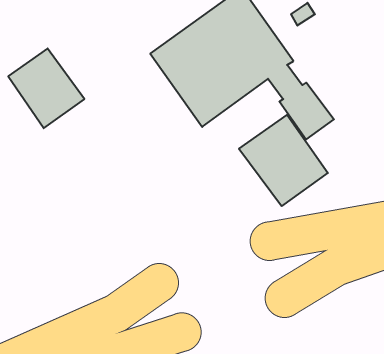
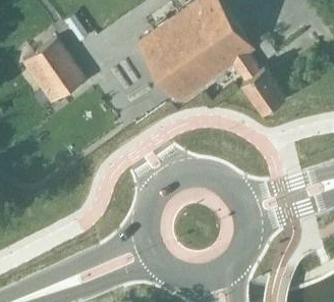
building: [239,115,328,206] -> none

